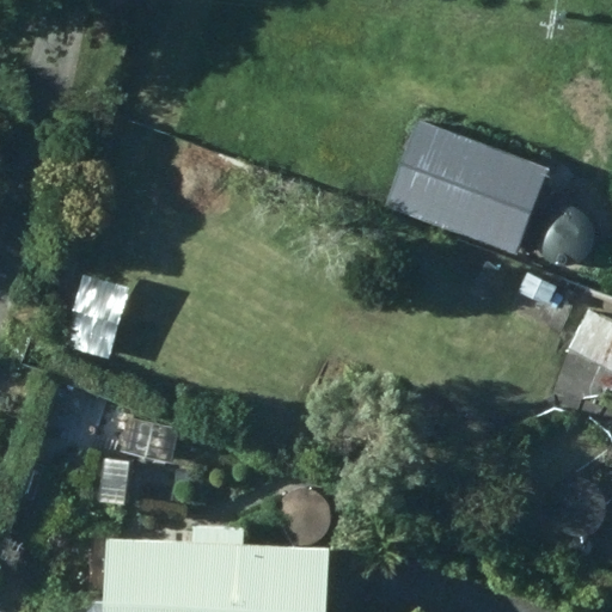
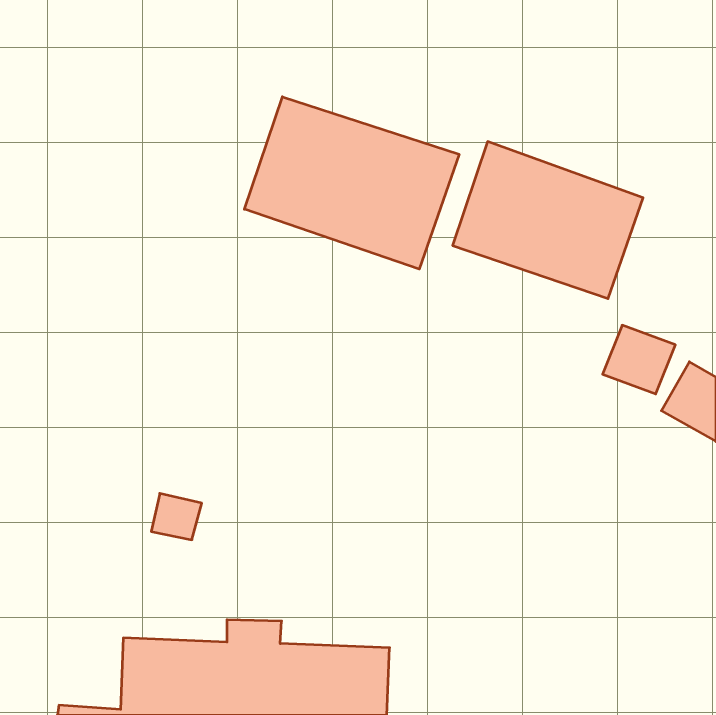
building: none -> [244,97,459,269]

